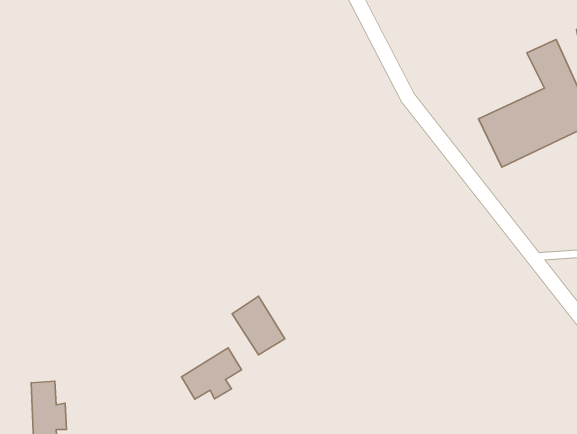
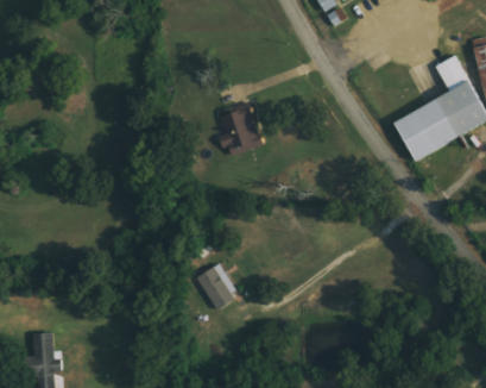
building: none -> [217,107,261,157]
building: [181,348,242,399] -> none

